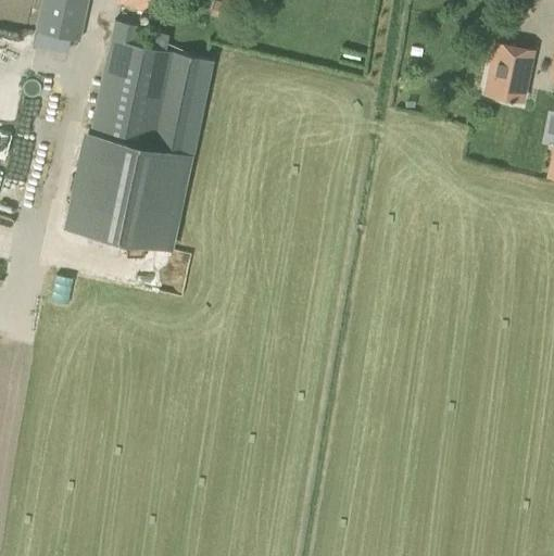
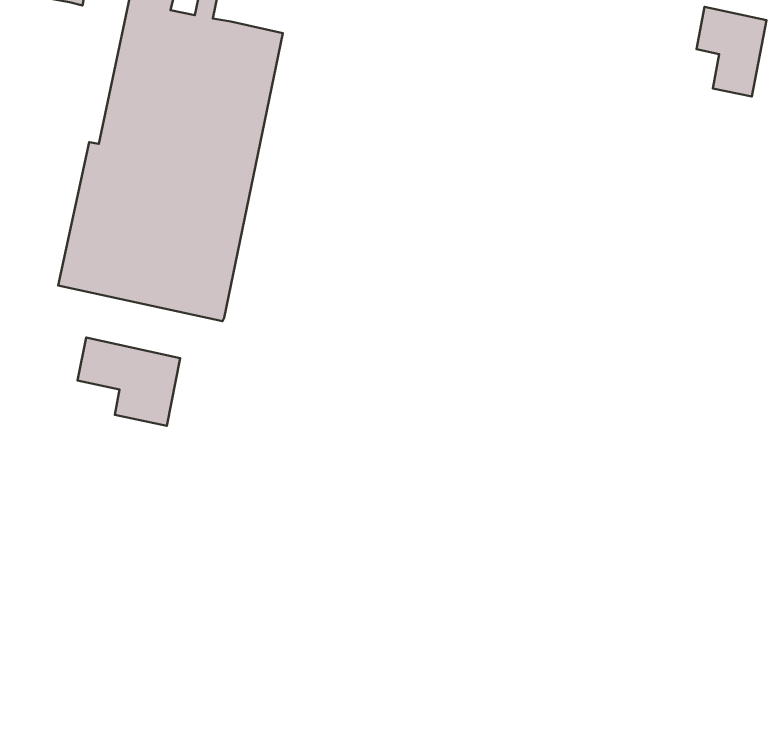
building: none -> [78,338,180,426]

